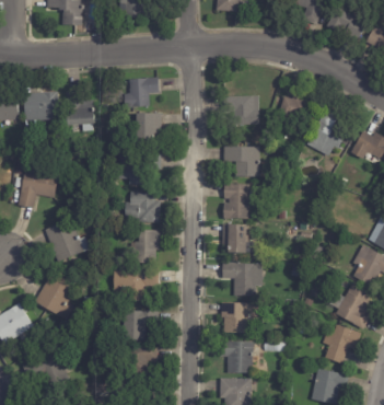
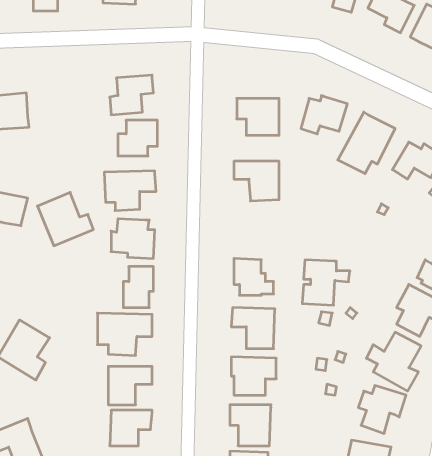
building: [67,92,95,130] -> none
building: [222,183,260,219] -> [302,260,350,305]
building: [45,219,90,262] -> [37,192,93,246]

